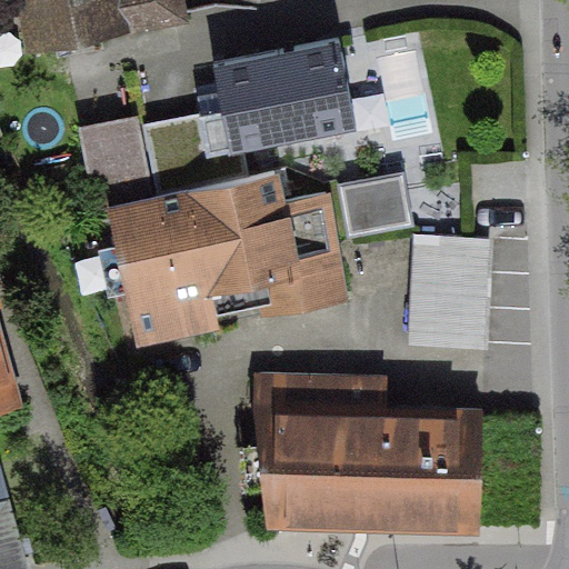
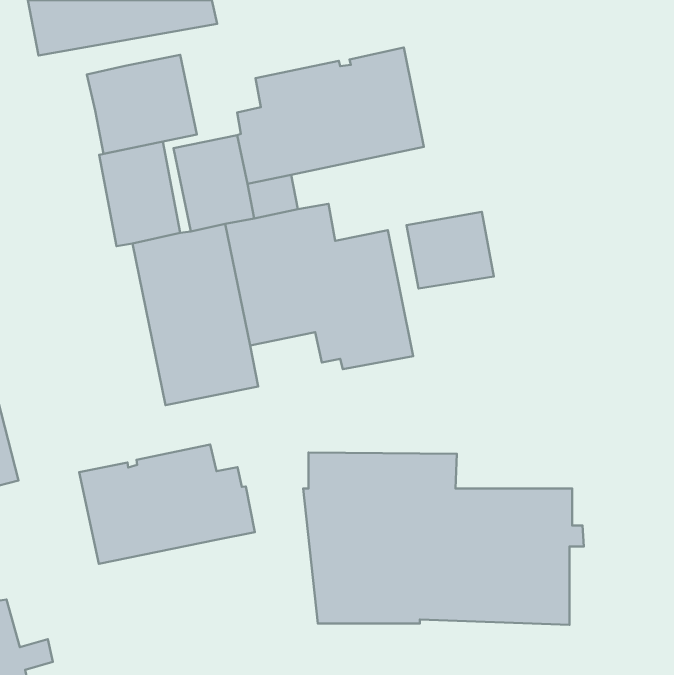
building: none -> [87,55,197,154]
building: [413,237,489,346] -> none
building: none -> [79,444,255,564]

